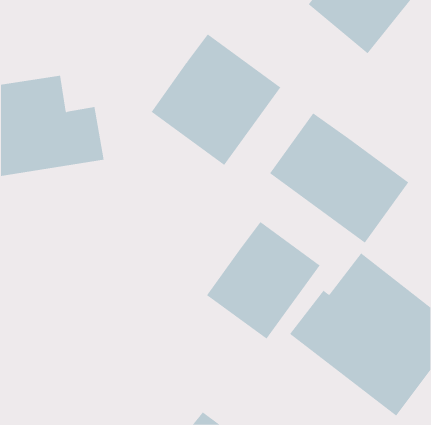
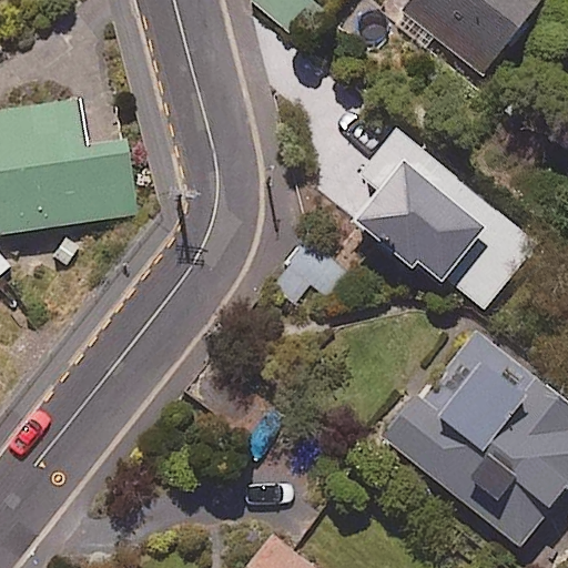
building: [151,33,281,166] -> none
building: [206,221,320,340] -> none

